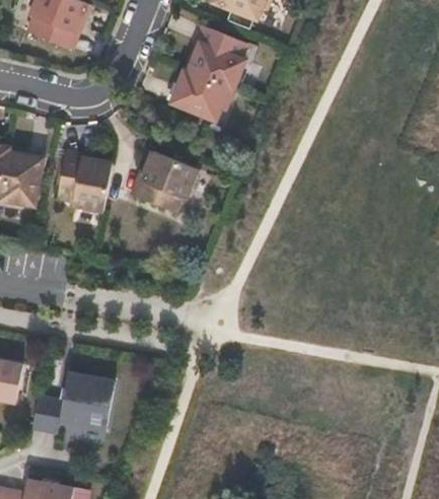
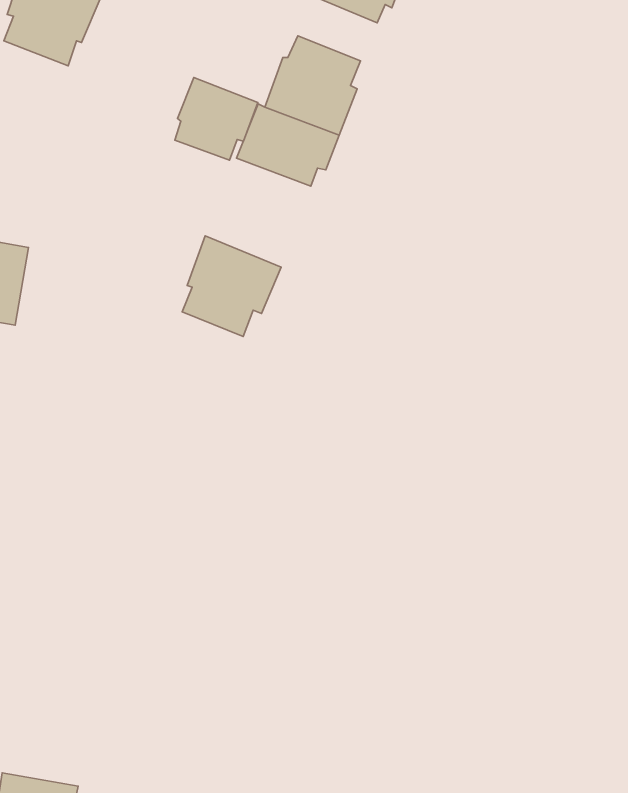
building: none -> [175,78,258,160]
building: [57,156,113,210] -> none
building: [31,373,115,433] -> none

